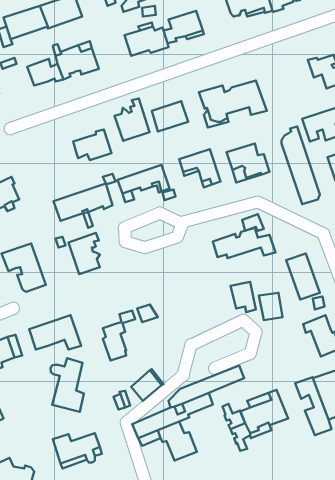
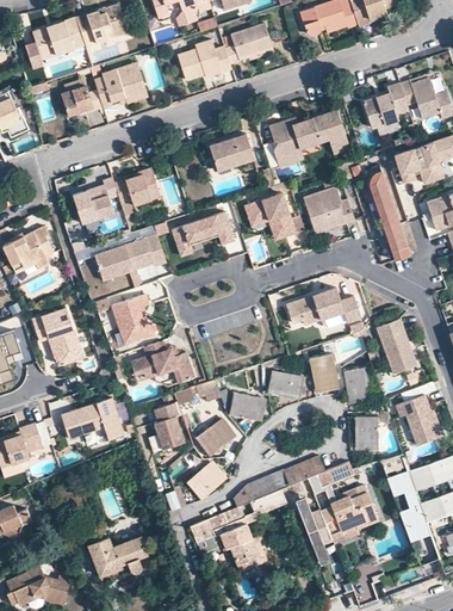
building: none -> [366,84,410,128]
building: [115,98,150,141] -> none
building: none -> [77,177,120,221]
building: none -> [129,340,193,383]
building: none -> [267,369,300,399]
building: none -> [229,391,263,420]
building: none -> [355,415,378,446]
building: none -> [196,419,234,455]
building: [51,358,84,412] -> none
building: none -> [306,461,353,494]

